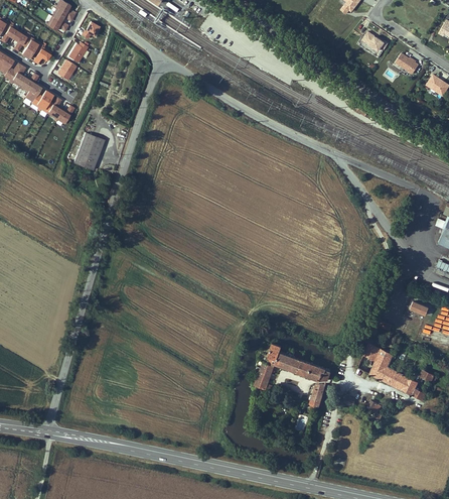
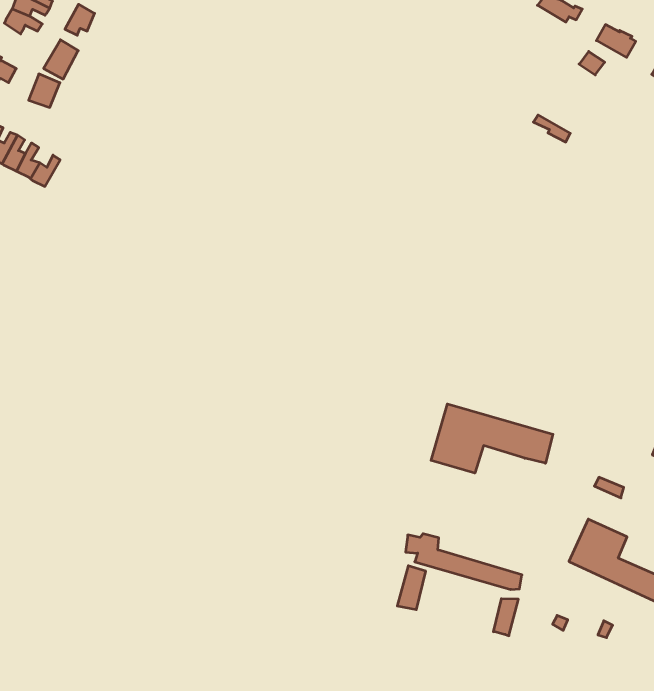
building: [76,131,107,170] -> none
building: none -> [431,404,553,473]

